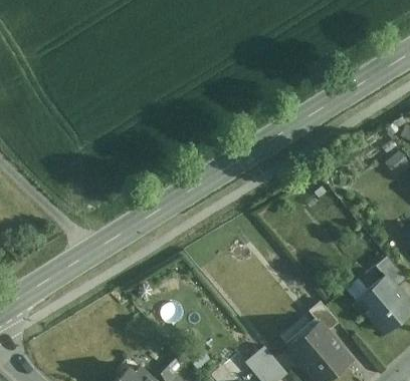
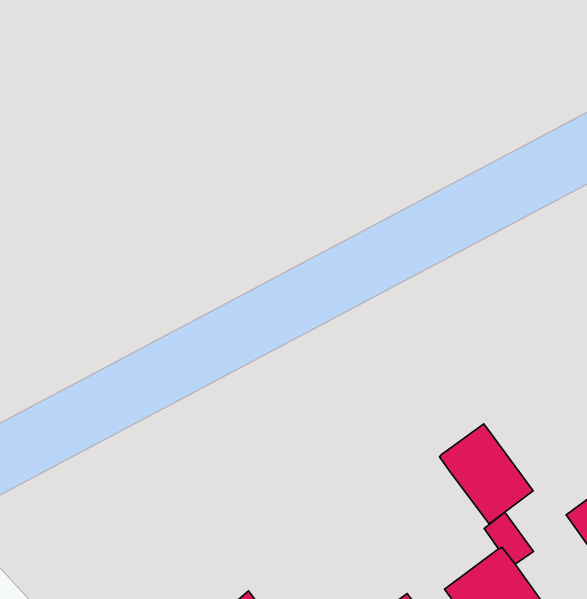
building: none -> [440,424,533,524]

